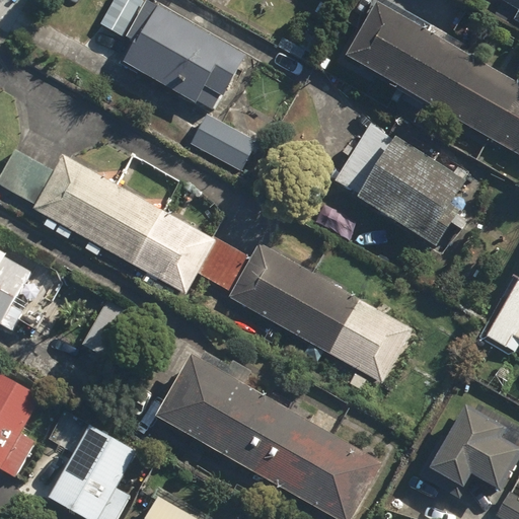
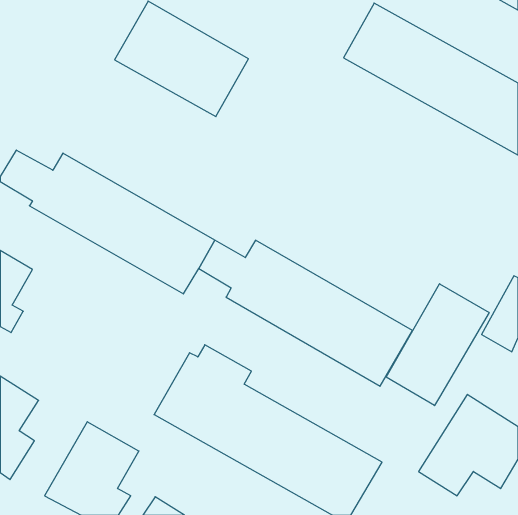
building: [189,112,262,174] -> none
building: [335,122,464,245] -> none
building: none -> [386,284,489,406]

